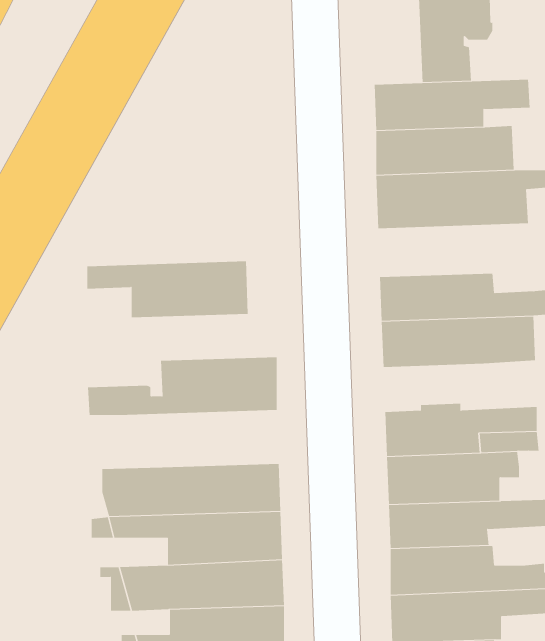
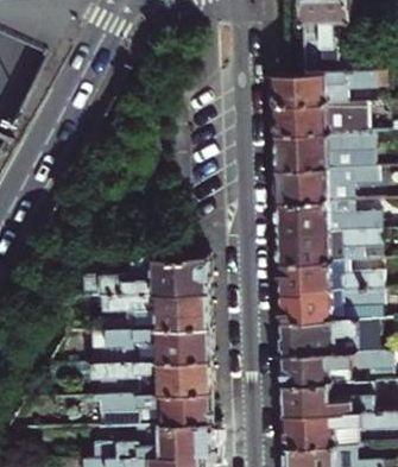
building: none -> [276,169,378,204]
building: [86,261,248,318] -> [102,294,210,332]
building: none -> [279,263,383,295]

